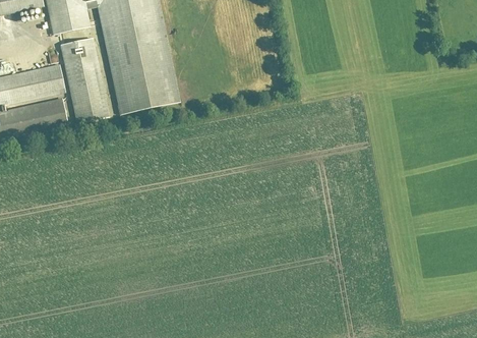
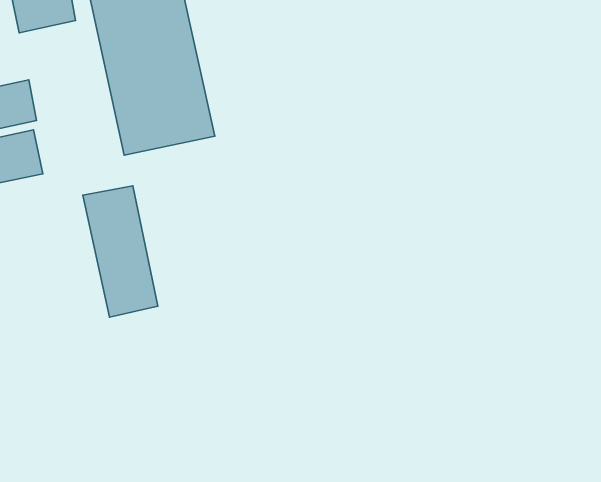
building: [59,38,108,123] -> [83,186,158,317]

